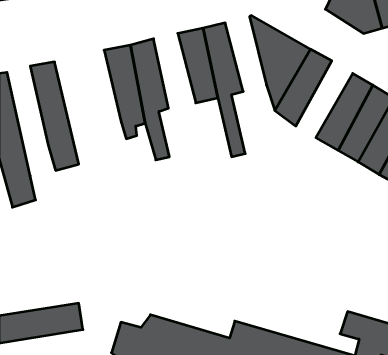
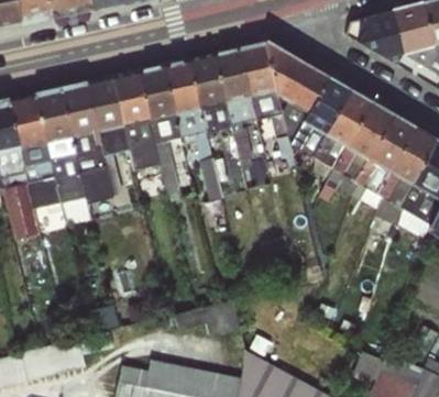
building: none -> [238,42,281,120]
building: none -> [163,59,222,200]
building: none -> [59,77,129,214]
building: none -> [311,88,371,168]
building: none -> [10,93,56,217]

